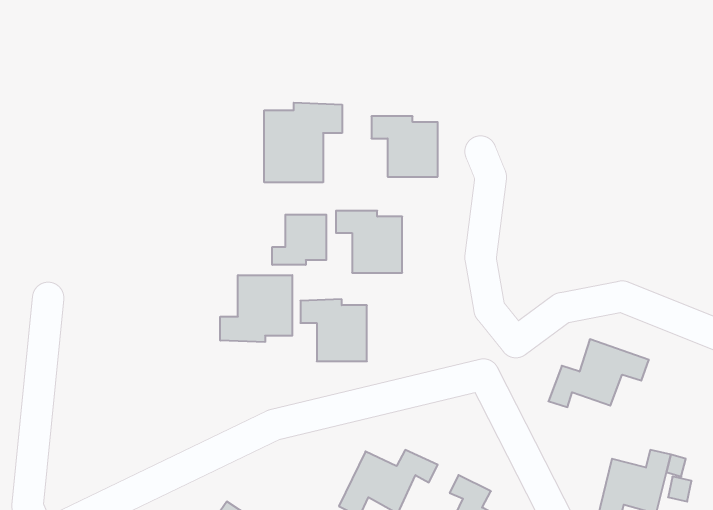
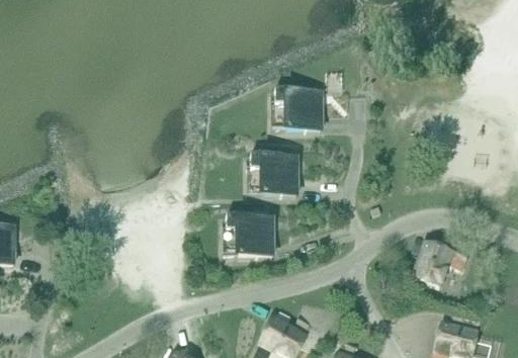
building: [264,103,342,182] -> none
building: [272,215,326,265] -> none
building: [220,275,292,342] -> none

